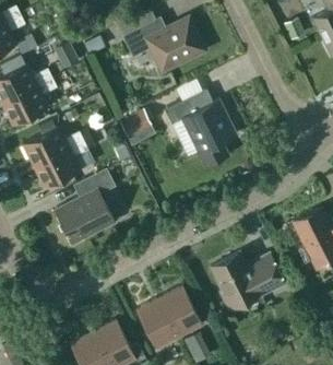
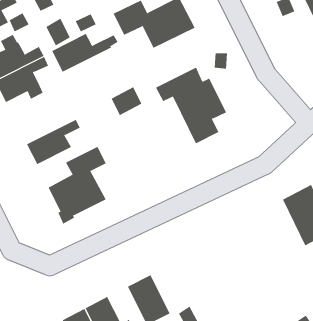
building: [23,128,91,167] -> [51,33,119,72]
building: [210,252,284,310] -> none
building: [159,286,202,338] -> none

